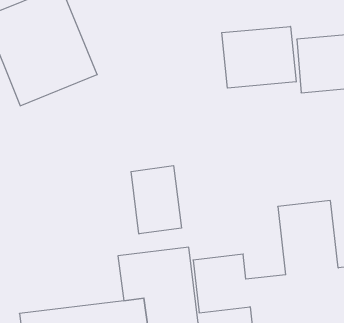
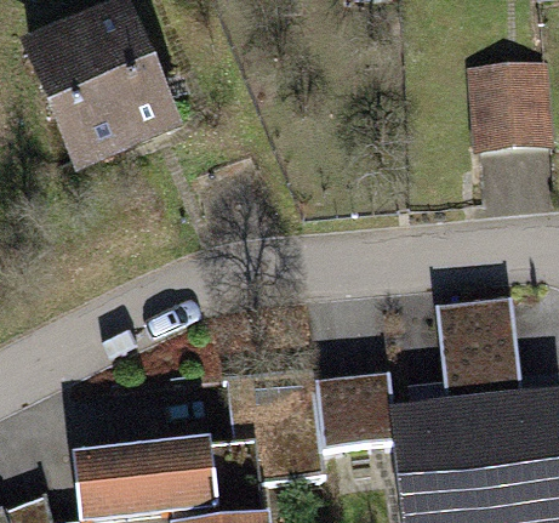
building: [222,26,296,88] -> none
building: [131,166,181,234] -> none

